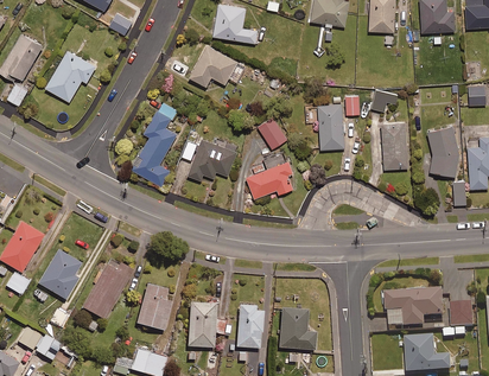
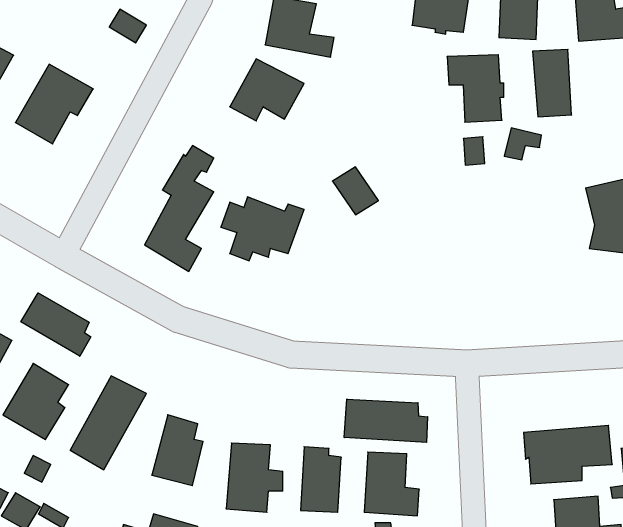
building: [309,103,347,148] -> [447,55,504,122]
building: [382,123,408,168] -> [533,49,572,117]
building: [247,159,293,198] -> none
building: none -> [21,293,91,356]
building: none -> [344,399,428,442]

